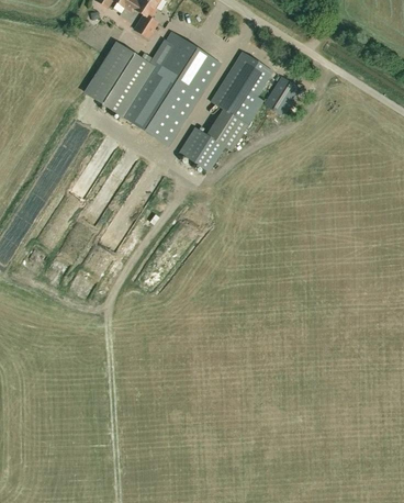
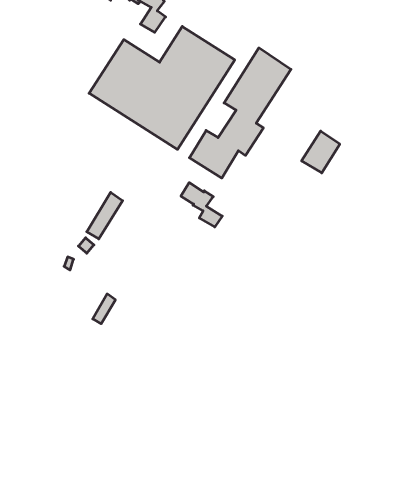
building: [262,76,298,114] -> [302,131,340,173]
building: none -> [181,183,222,227]

